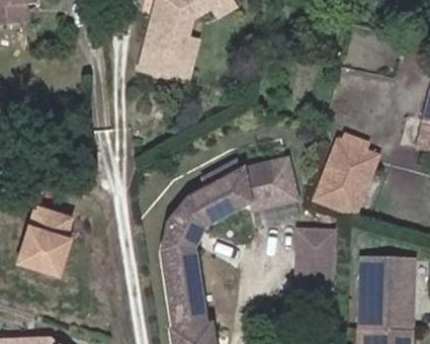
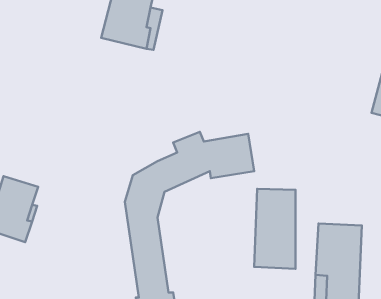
building: [311,128,374,212] -> none

